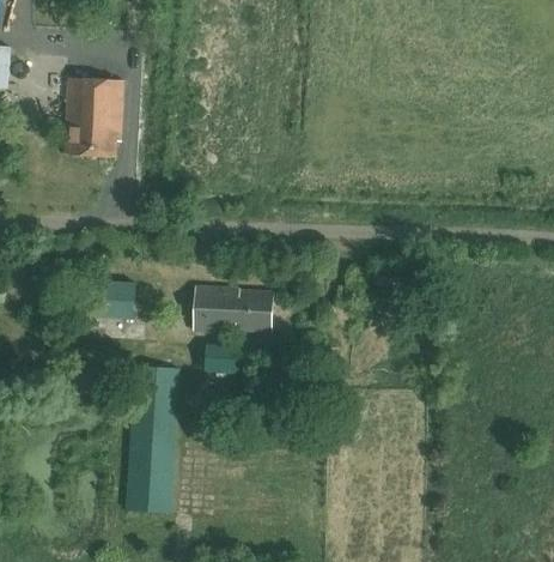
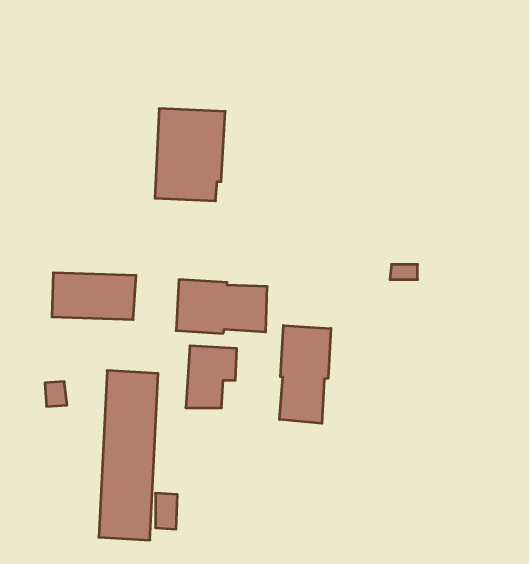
building: [63,77,124,157] -> [155,109,225,201]
building: none -> [280,325,331,423]

